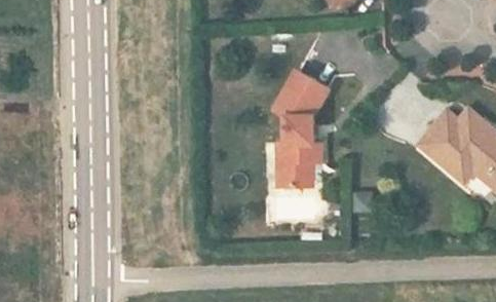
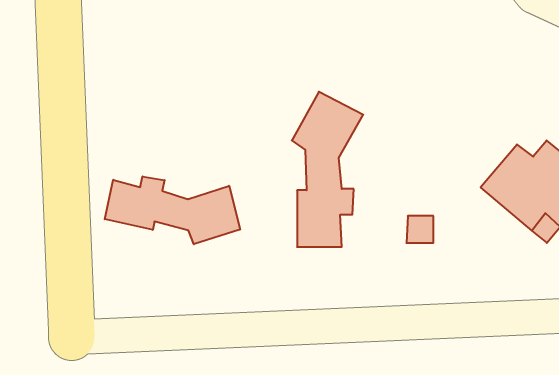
building: none -> [105,176,240,244]

